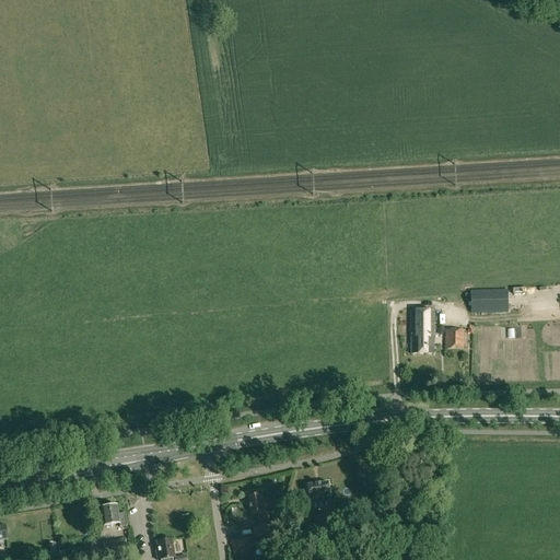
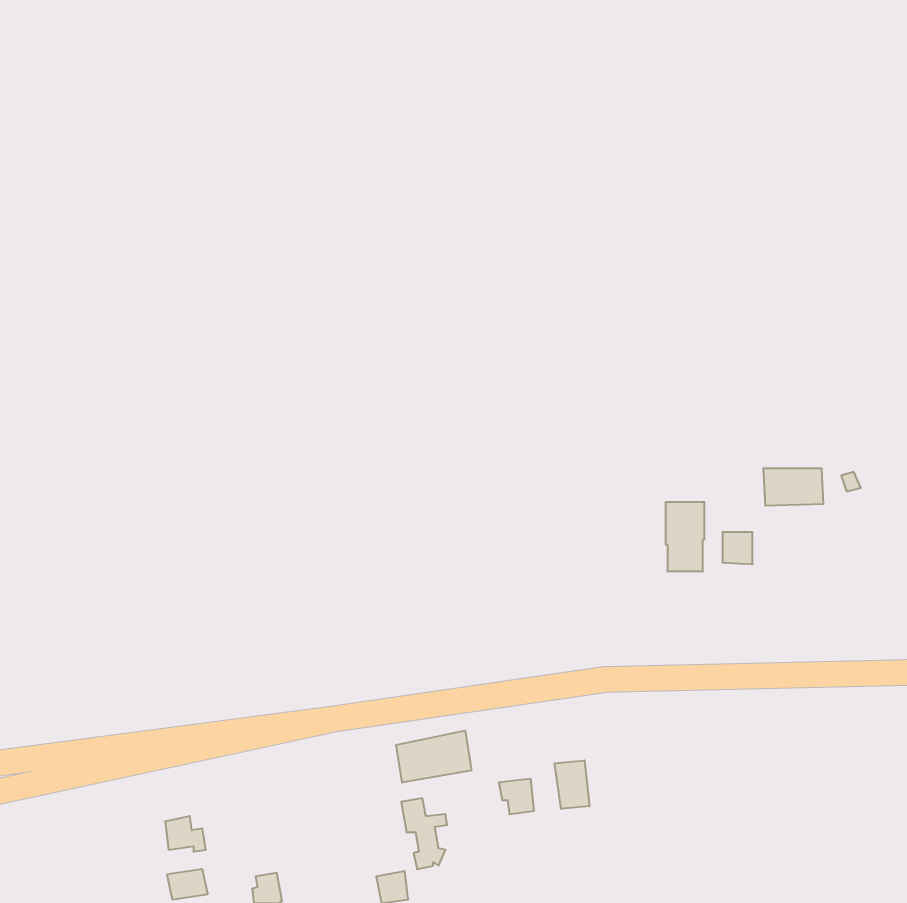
building: none -> [396,731,471,783]
building: none -> [555,760,590,809]

